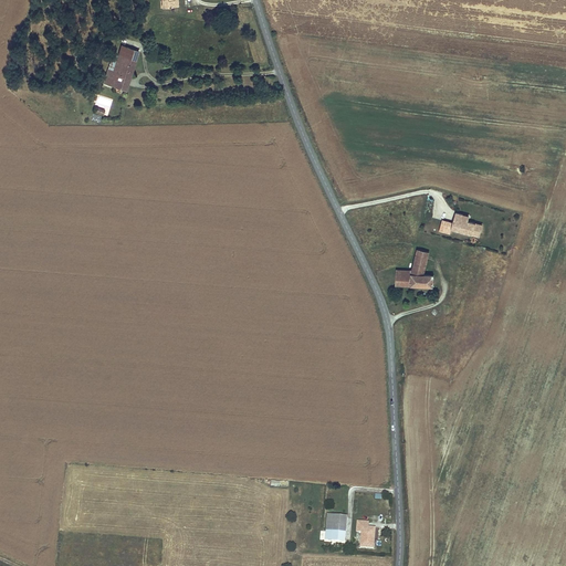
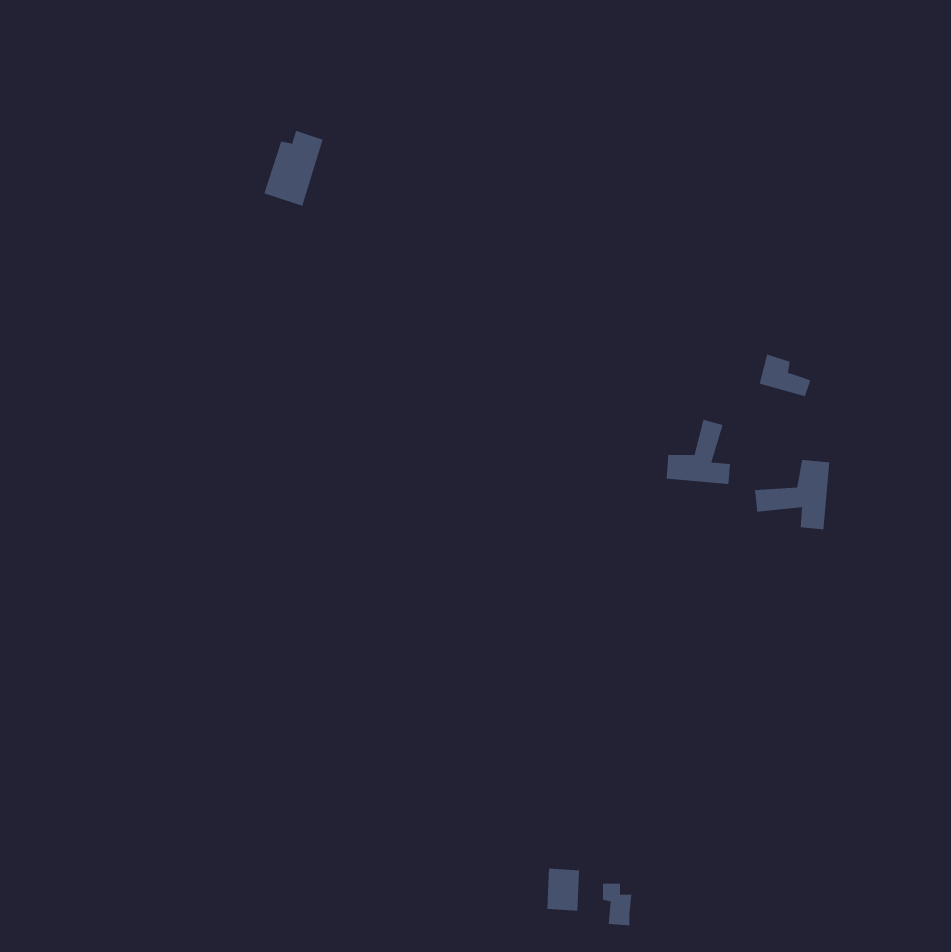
building: [103,46,138,92] -> [264,130,323,207]
building: none -> [754,459,830,530]

